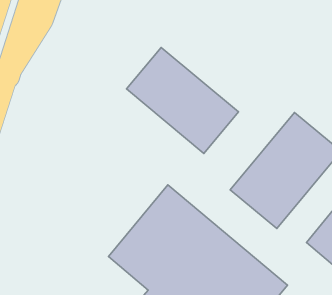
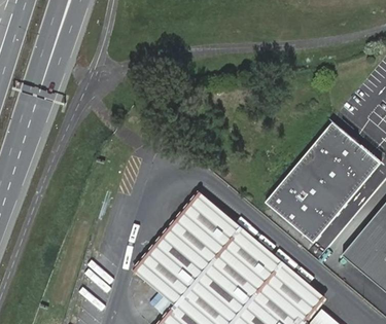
building: [127,47,239,153] -> none

